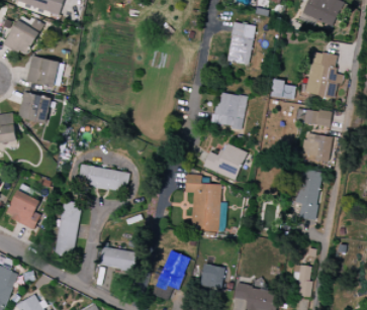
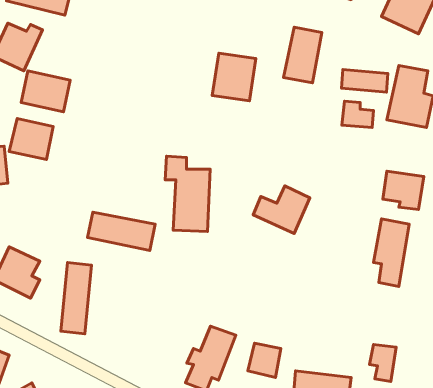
building: [213,92,247,128] -> [212,53,256,101]
building: [295,108,331,125] -> [341,70,388,92]
building: [185,174,219,231] -> [165,156,210,231]
building: [99,245,137,272] -> none

